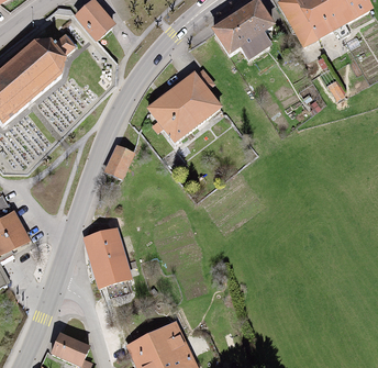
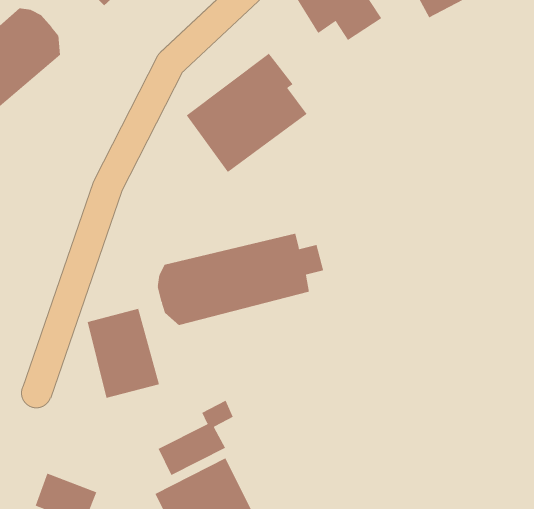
building: [104,146,133,178] -> none
building: none -> [157,233,324,326]
building: none -> [158,400,233,476]

